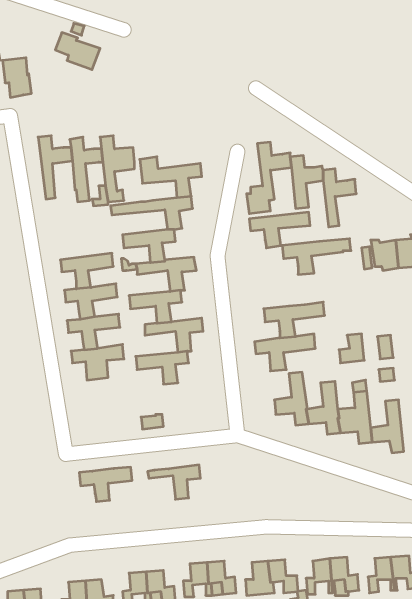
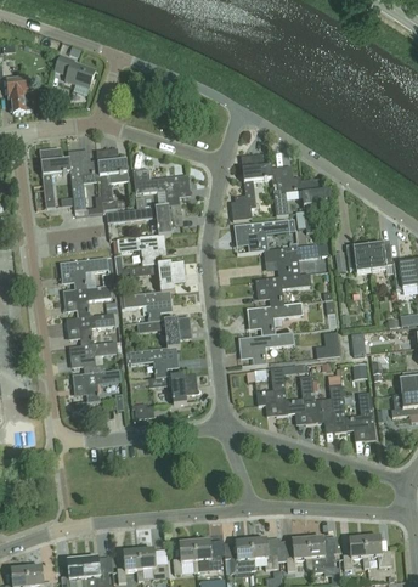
building: none -> [255,272,311,305]
building: [148,465,200,499] -> [148,372,197,403]
building: [79,467,132,502] -> [72,369,120,401]

